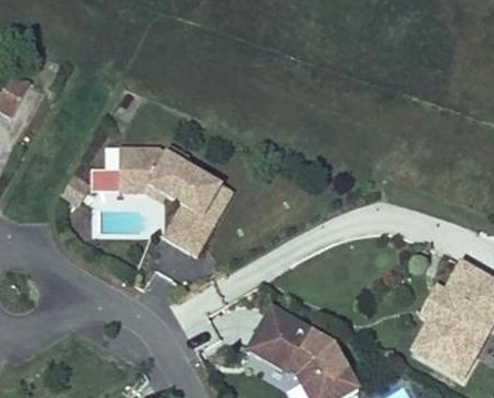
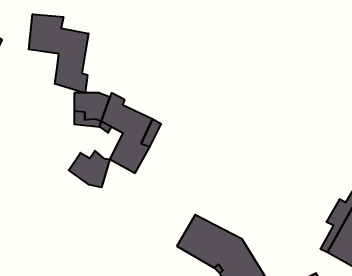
building: none -> [29,14,88,93]
building: none -> [69,151,110,187]

